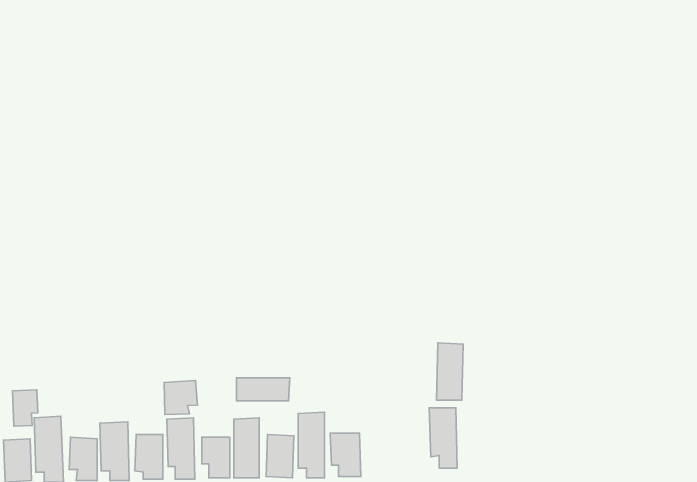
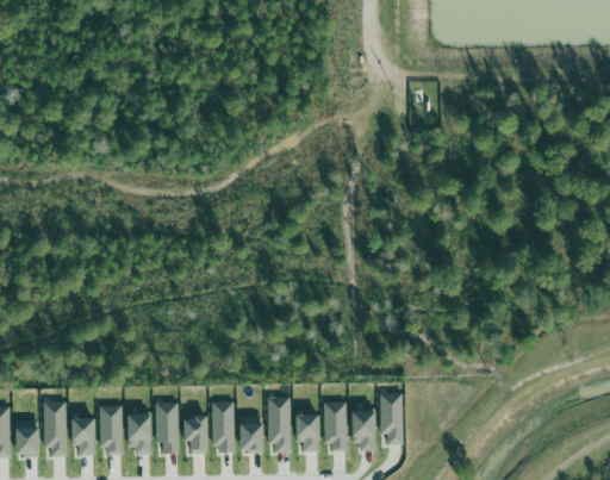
building: [437,343,463,400] -> [324,401,347,450]
building: [237,378,290,401] -> none
building: [164,381,198,414] -> none
building: [12,390,38,426] -> none
building: none -> [353,412,376,448]

